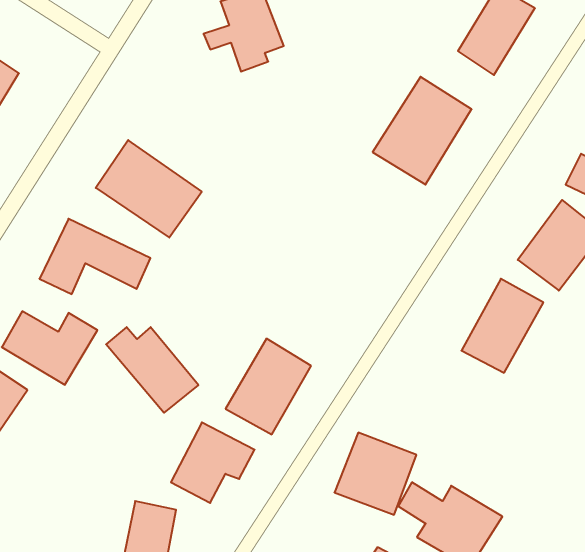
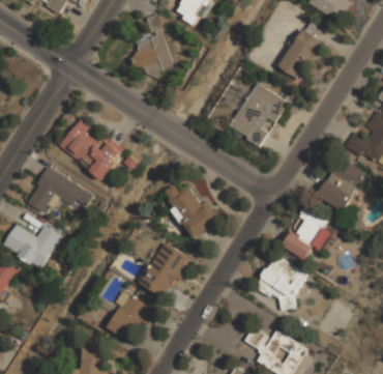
building: [106,327,198,413] -> [161,184,217,236]
building: [334,433,416,515] -> [256,257,305,307]

